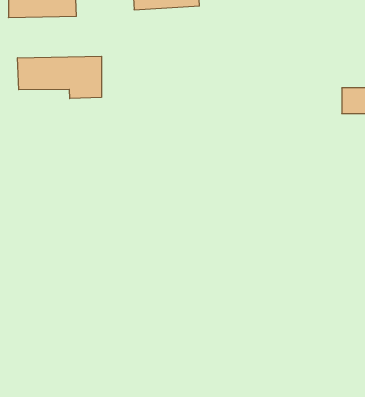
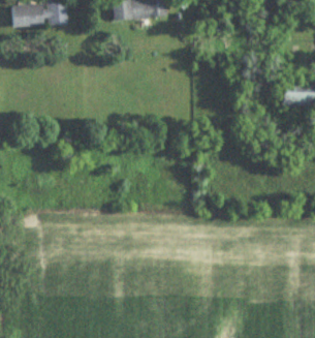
building: [18,56,101,99] -> none

